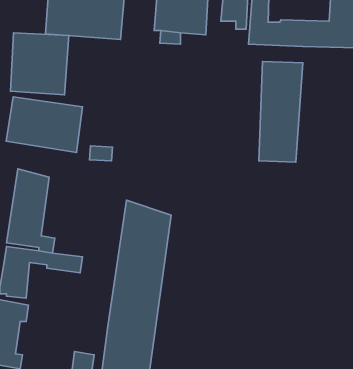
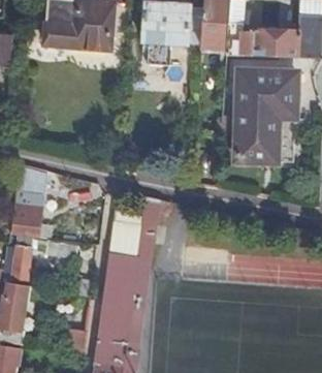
building: [10,33,69,95] -> none
building: none -> [269,70,297,160]
building: [6,97,82,152] -> none

